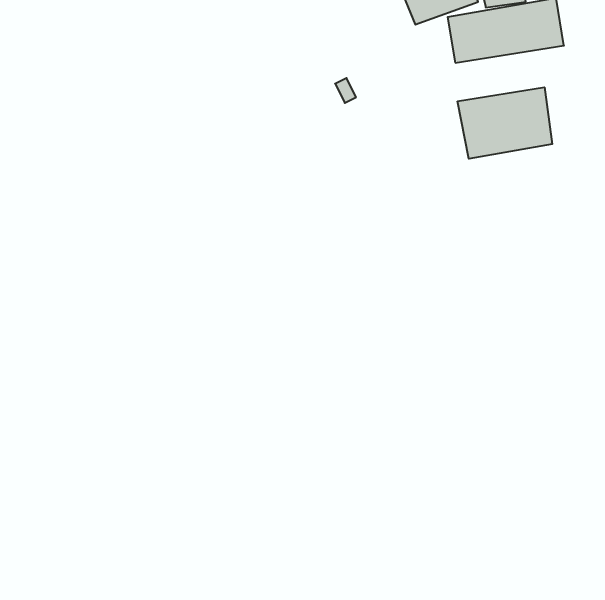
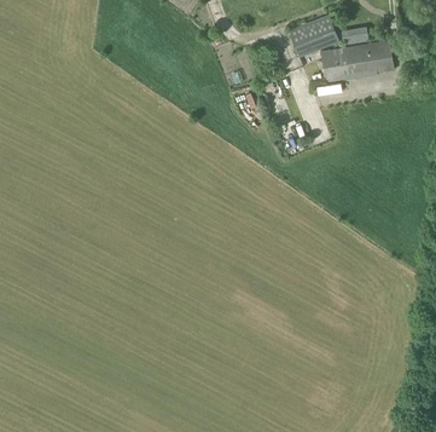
building: [458,87,552,159] -> none

